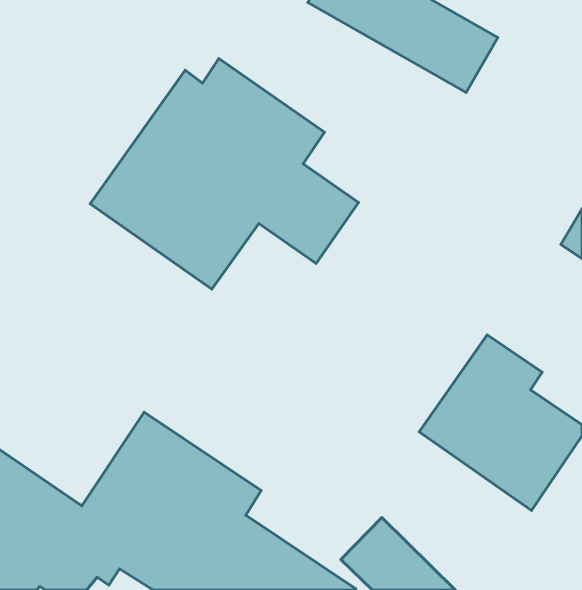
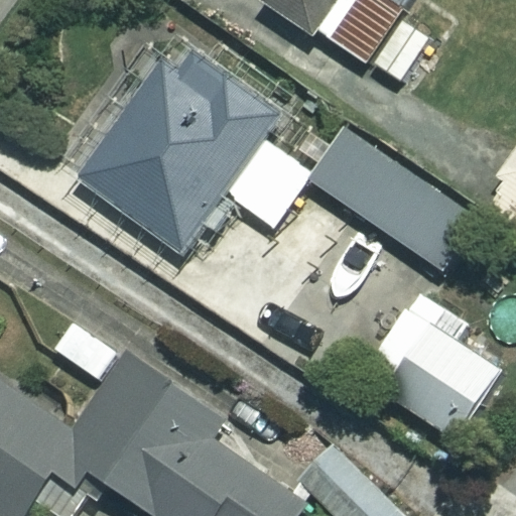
building: none -> [311,129,476,267]

